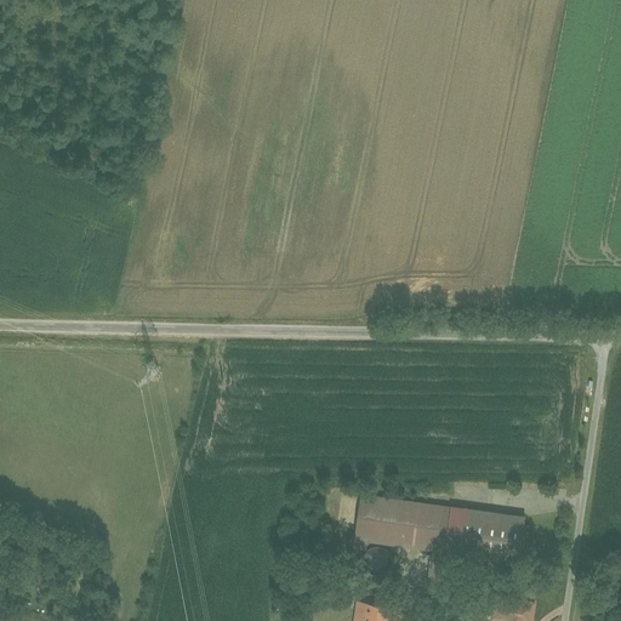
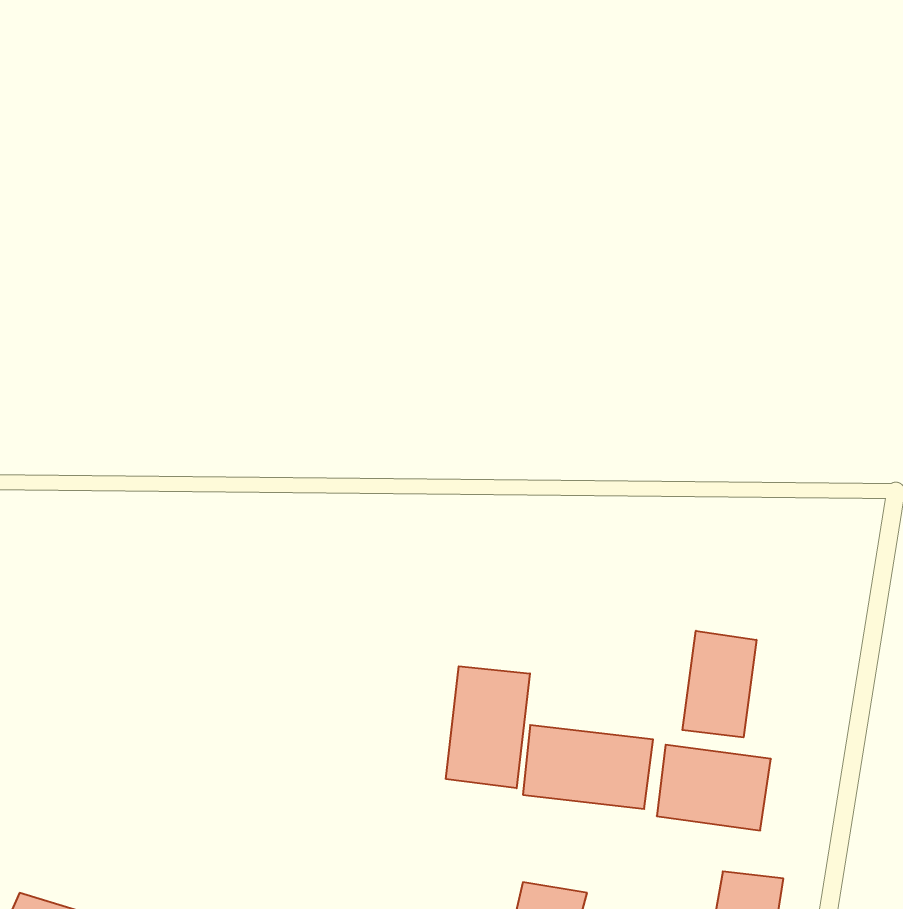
building: none -> [682,631,756,737]
building: none -> [446,666,530,788]

